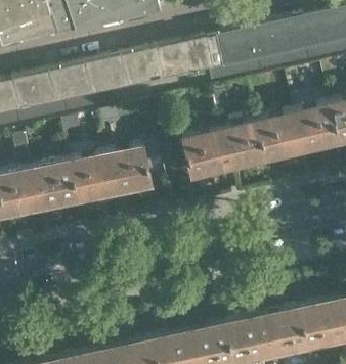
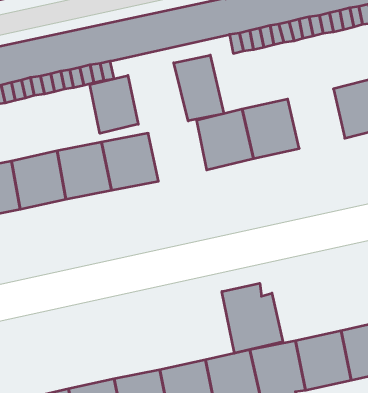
building: none -> [174,55,224,121]
building: none -> [90,75,138,133]
building: [256,110,302,158] -> none
building: none -> [222,283,283,353]

